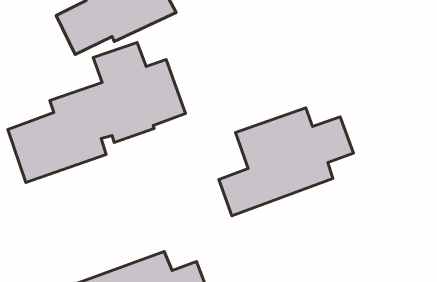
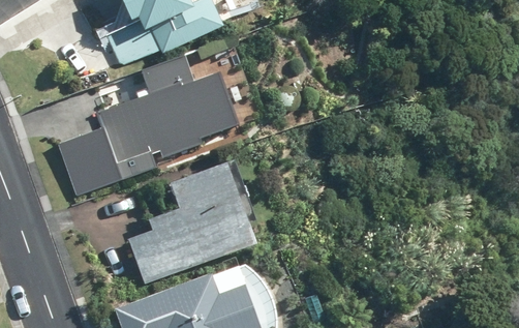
building: [219,108,353,216] -> none
building: none -> [129,157,263,284]

